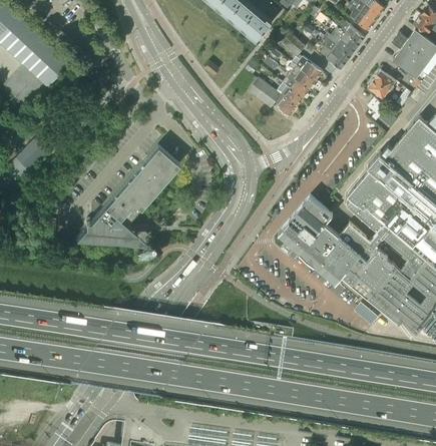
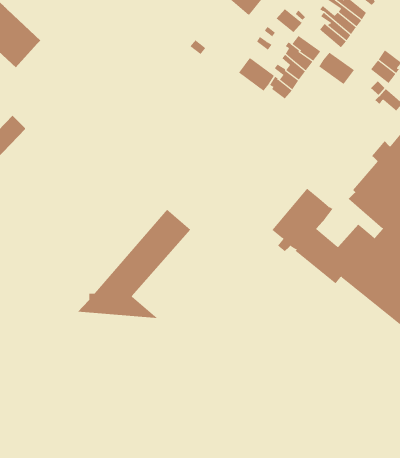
building: none -> [318,52,355,85]
building: [75,146,178,246] -> [77,209,191,319]

